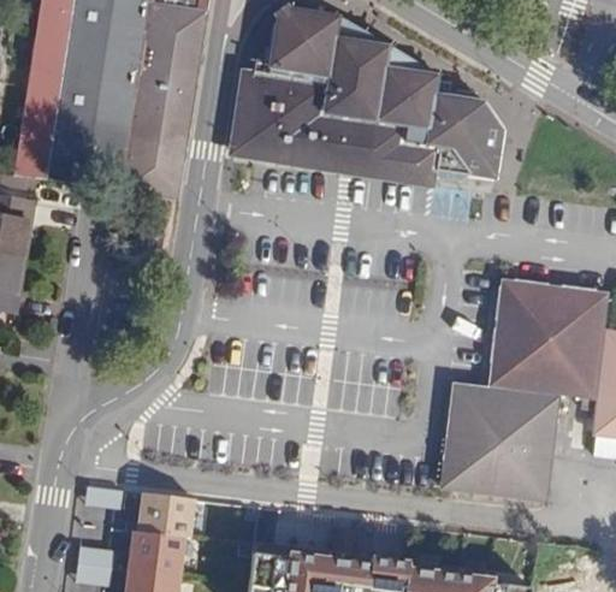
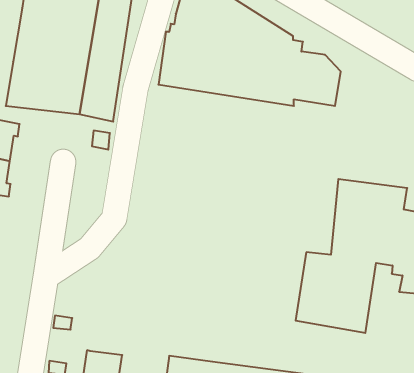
building: [137,492,194,541] -> none

